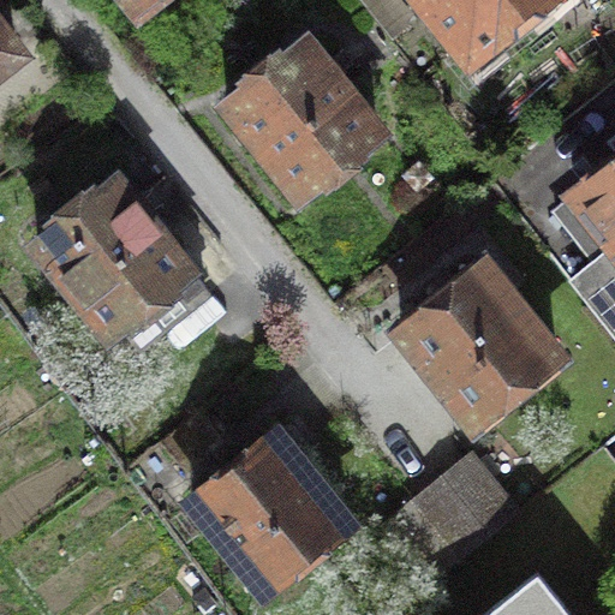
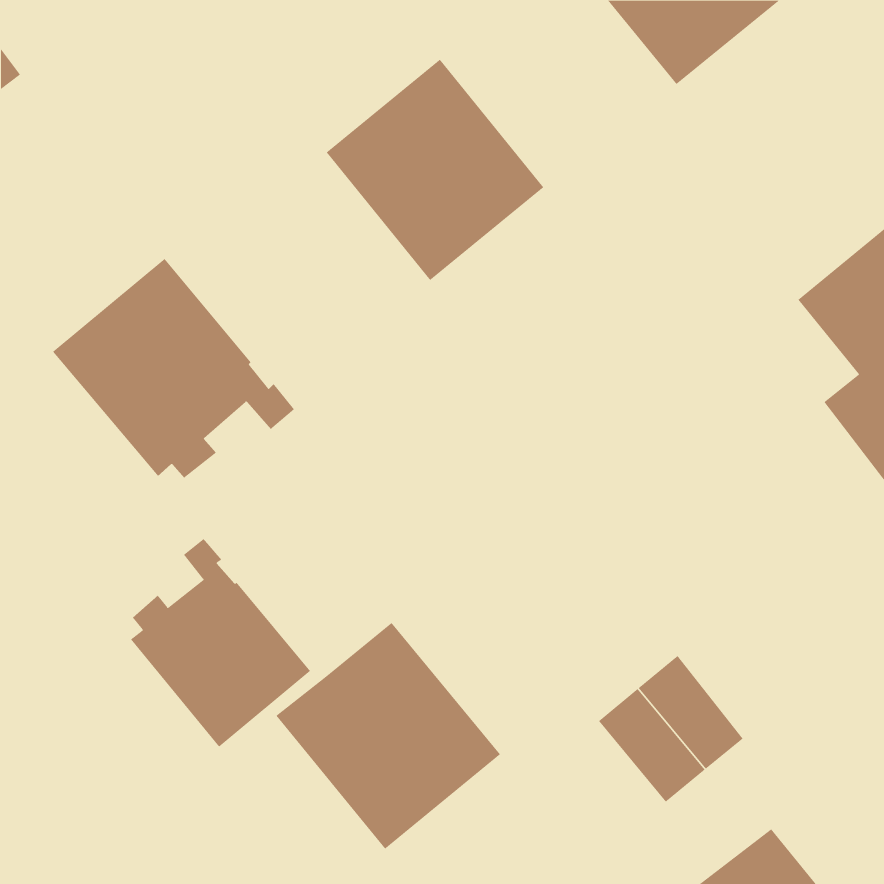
building: [402,267,555,422] -> none
building: none -> [130,538,311,748]

